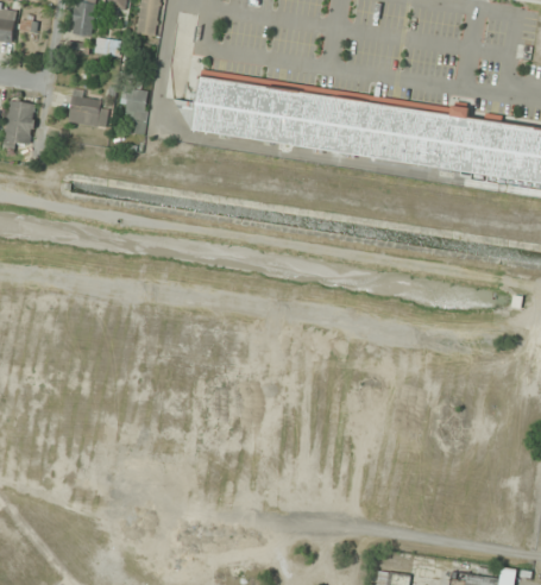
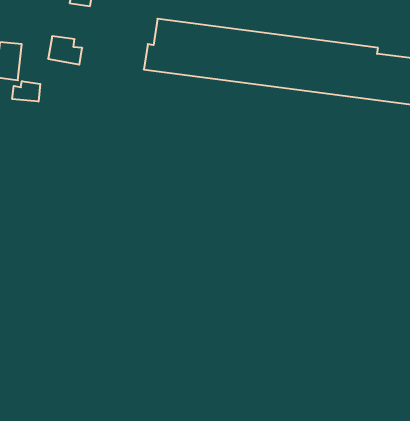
building: [124,92,146,121] -> none
building: none -> [12,81,40,102]

